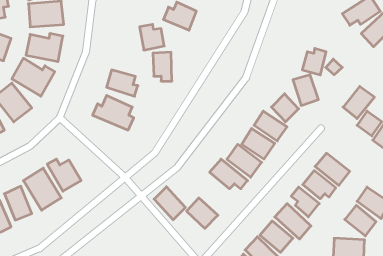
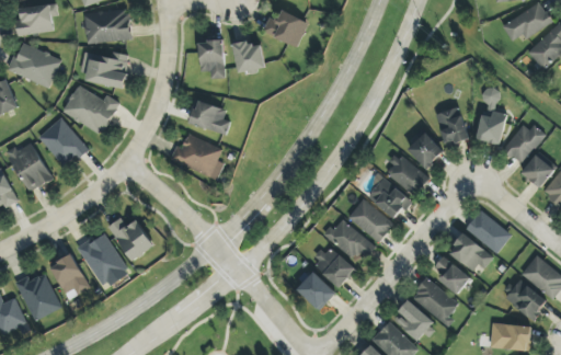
building: [302,48,326,75] -> [476,110,507,145]
building: [153,52,172,81] -> [199,39,225,78]
building: [154,187,185,220] -> [313,243,355,287]

